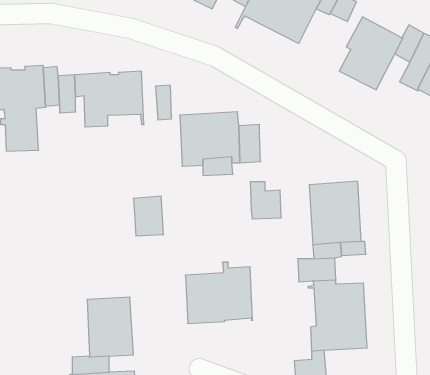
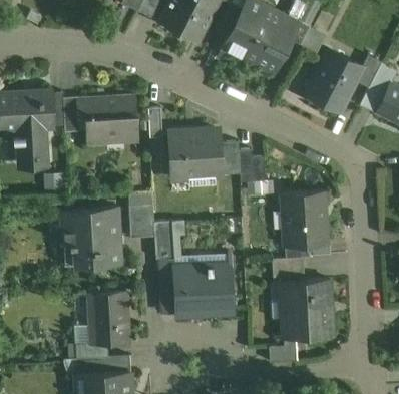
building: [250,182,281,219] -> [239,149,266,181]
building: none -> [61,206,120,266]
building: none -> [154,221,174,259]

